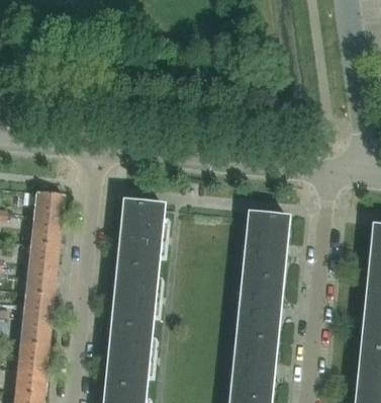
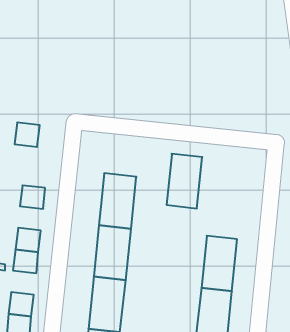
building: [32,192,62,221] -> [15,123,40,147]
building: [247,217,288,280] -> [167,154,202,208]
building: [27,242,57,270] -> none
building: [19,317,49,345] -> none

